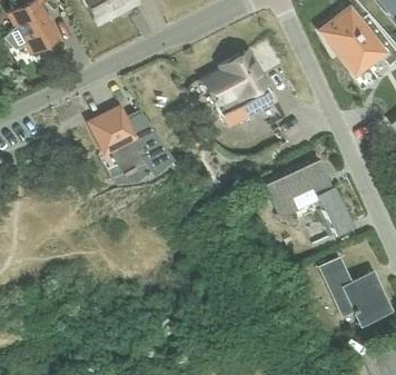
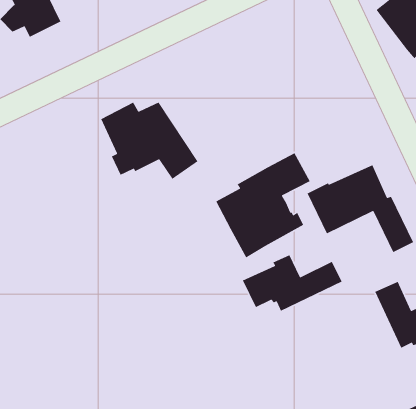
building: [204,38,284,127] -> [215,152,311,258]
building: none -> [242,254,343,312]

